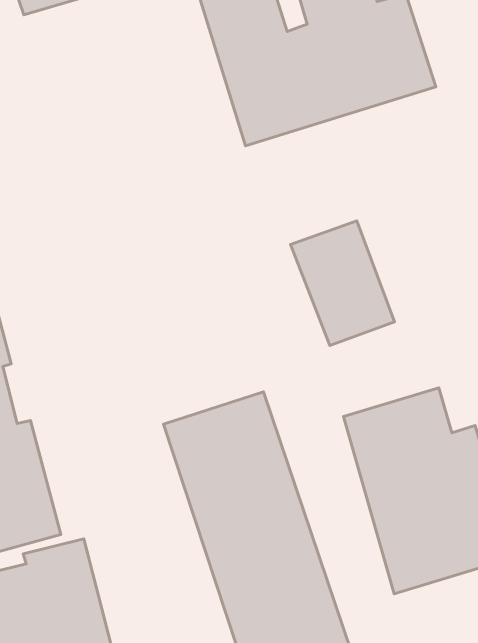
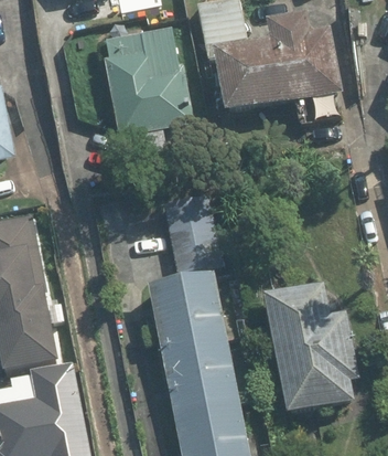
building: none -> [91,31,188,144]
building: [290,221,395,346] -> [157,192,218,271]

